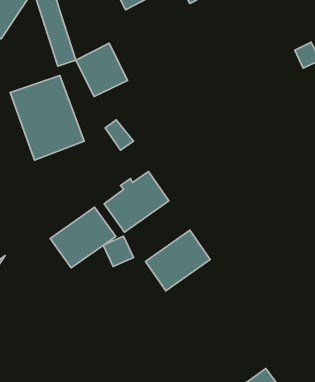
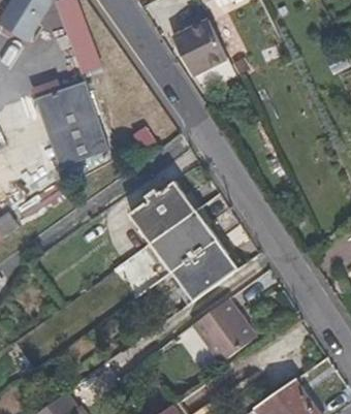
building: [76,43,127,97] -> [174,20,227,74]
building: [50,207,116,268] -> [150,209,217,270]
building: none -> [193,298,255,362]

